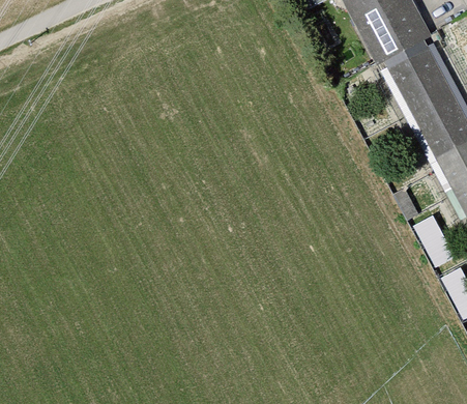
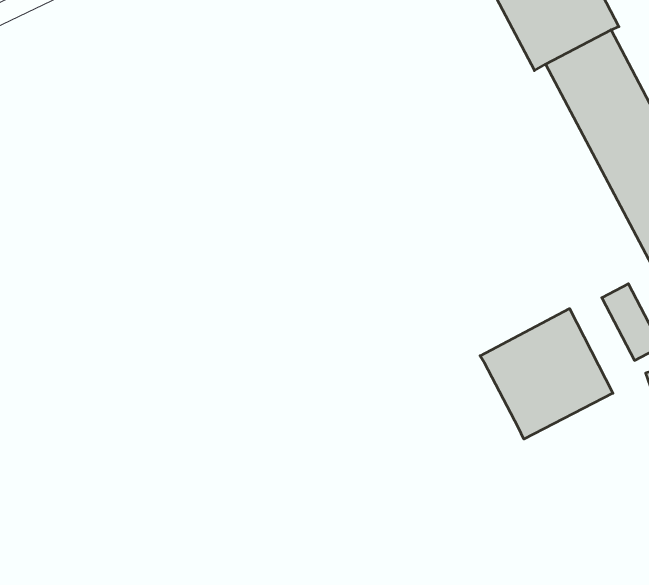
building: none -> [480,309,613,439]

